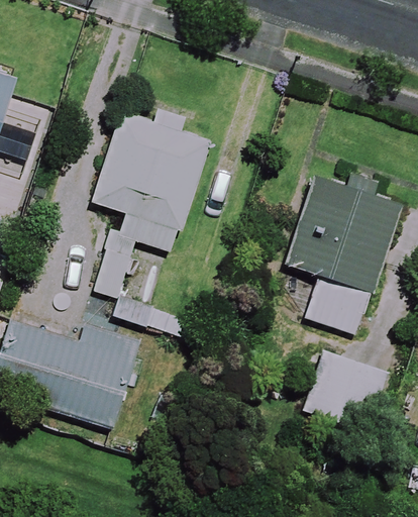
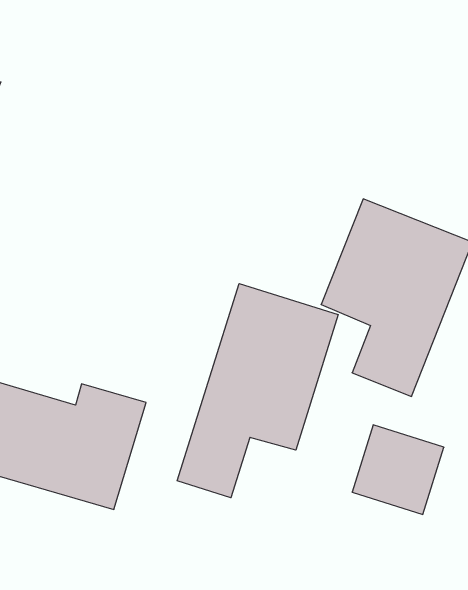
building: [92,111,208,296] -> none
building: none -> [177,284,338,498]

